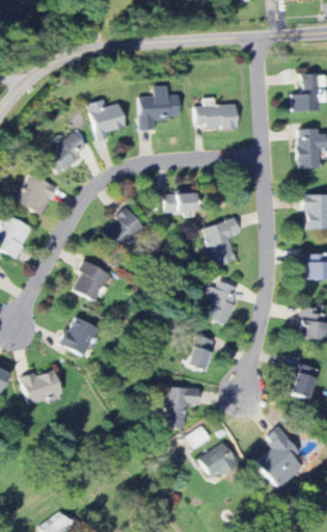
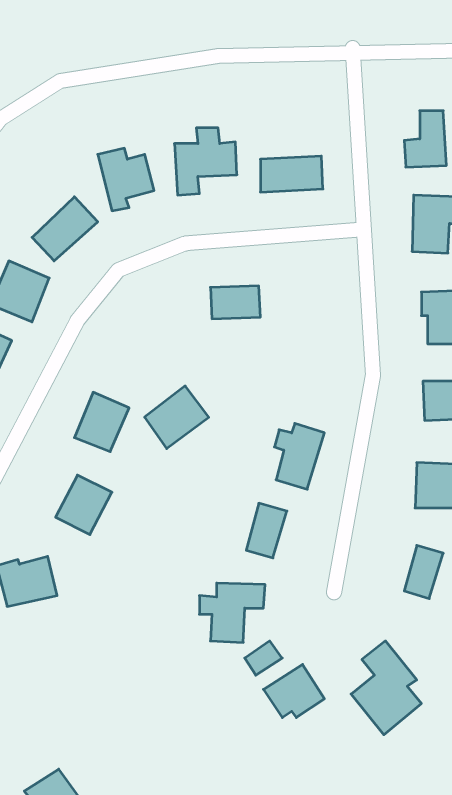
building: [102,208,144,249] -> [145,386,209,449]
building: [203,218,239,267] -> none

